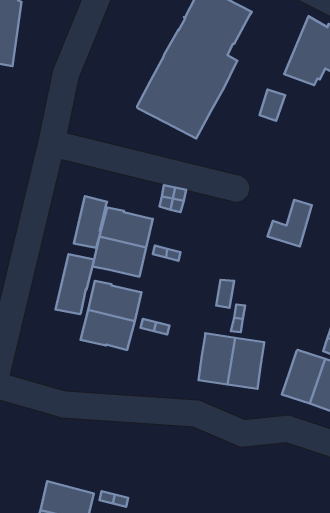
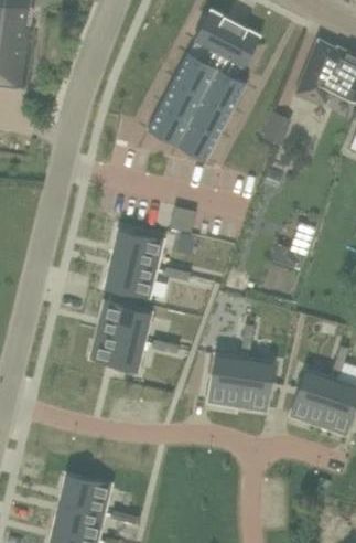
building: [74,196,107,248] -> none
building: [56,254,94,314] -> none
building: none -> [58,473,111,513]

